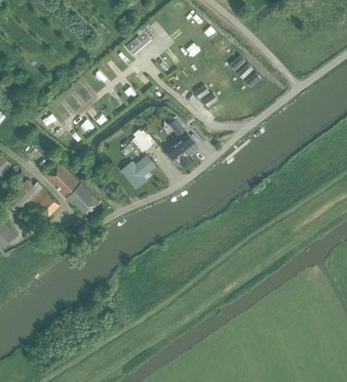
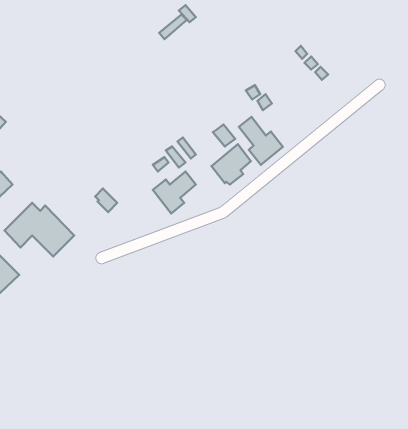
building: none -> [239,117,283,165]
building: [43,161,99,217] -> none

